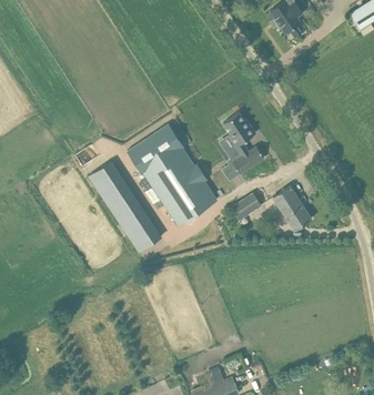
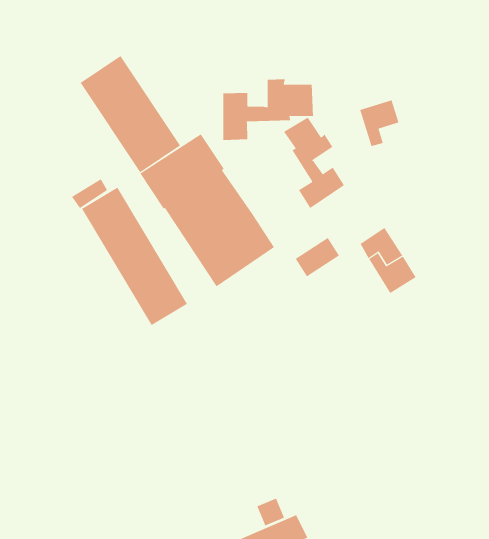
building: none -> [80,55,181,173]
building: none -> [223,79,314,141]
building: none -> [360,100,399,147]

